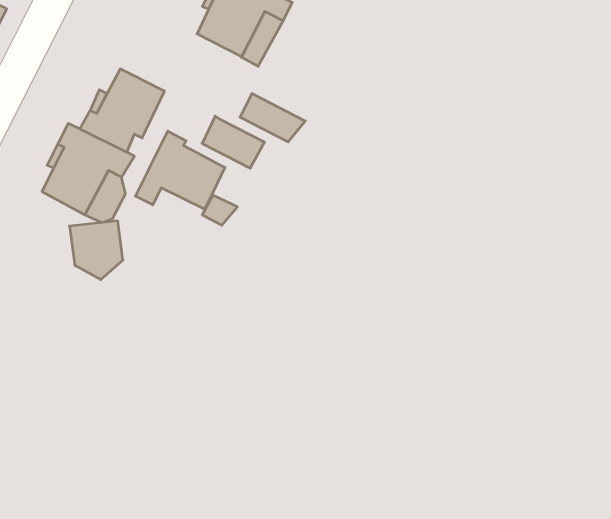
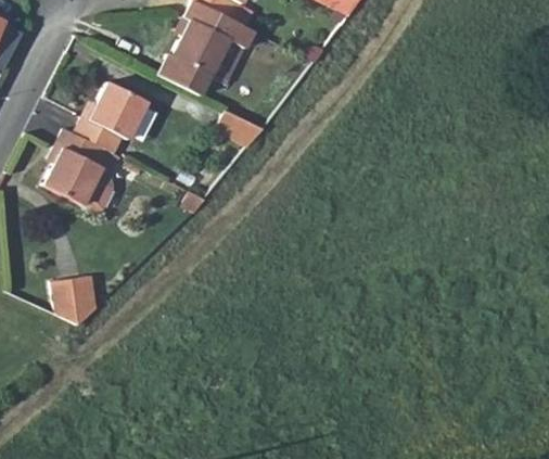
building: [202,116,265,168] -> [158,50,210,93]
building: [135,131,225,209] -> none
building: [69,221,123,280] -> [53,281,98,330]

